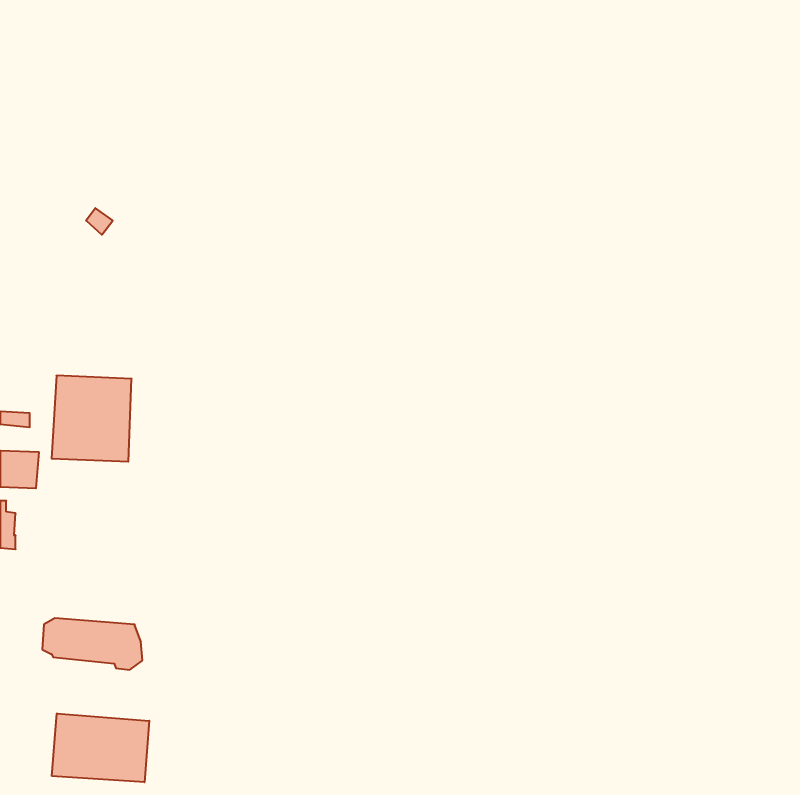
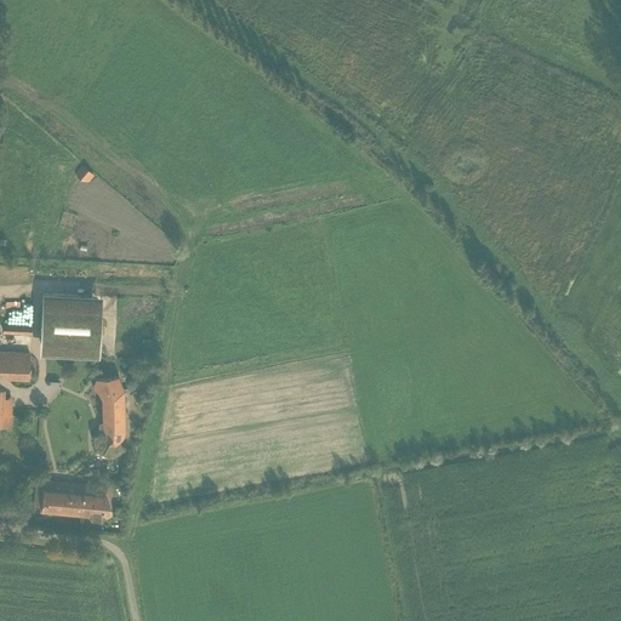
building: none -> [92,378,125,460]
building: [52,713,149,782] -> none

